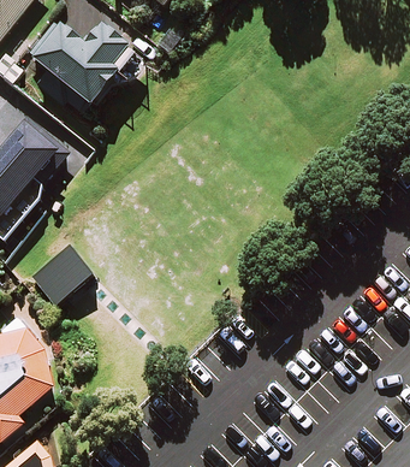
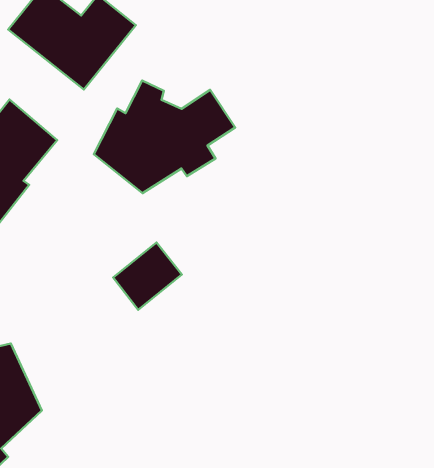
building: none -> [94,80,235,193]
building: [32,247,91,305] -> [113,242,182,310]

